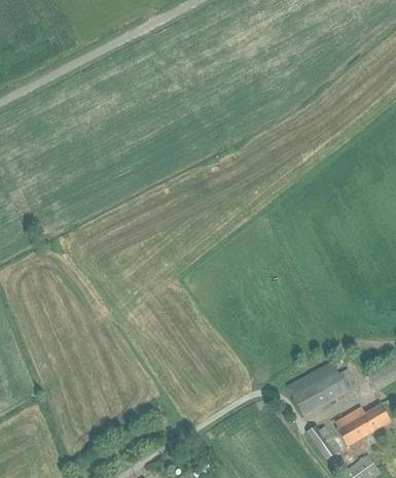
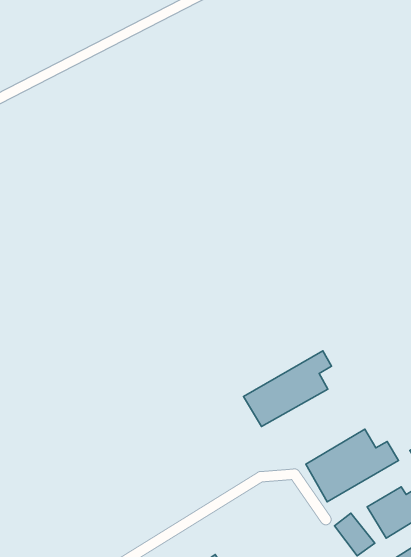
building: none -> [244,351,331,427]

